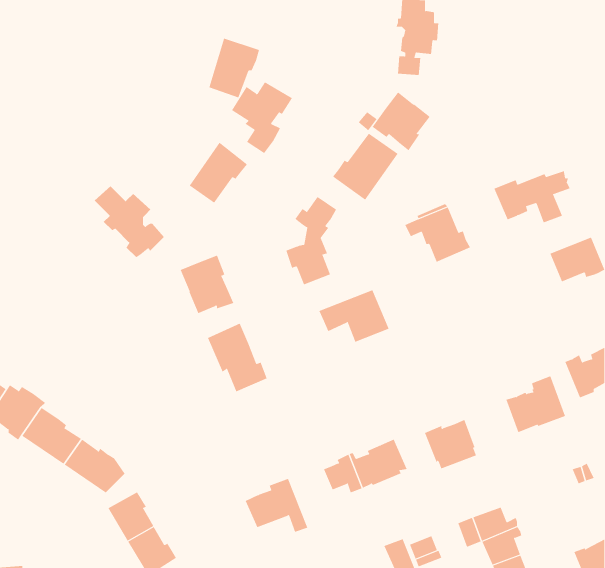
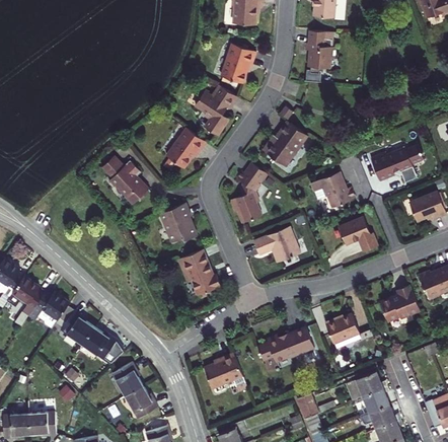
building: [209,38,260,98] -> [221,44,255,84]
building: [372,91,430,151] -> none
building: none -> [339,217,377,250]

